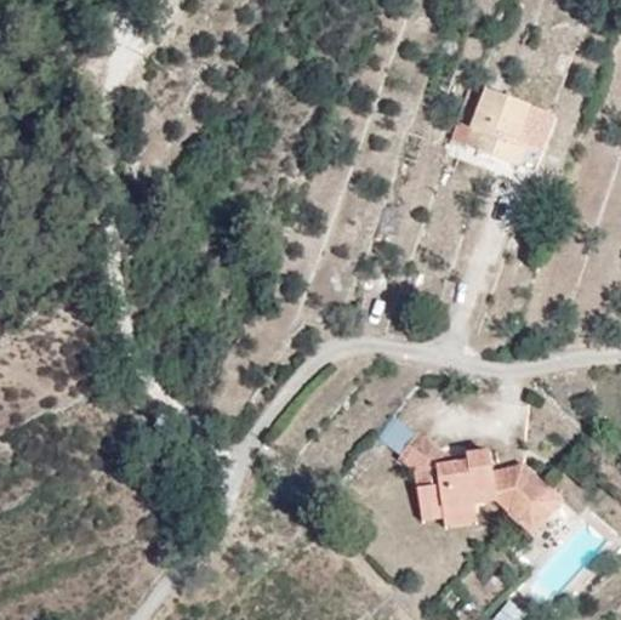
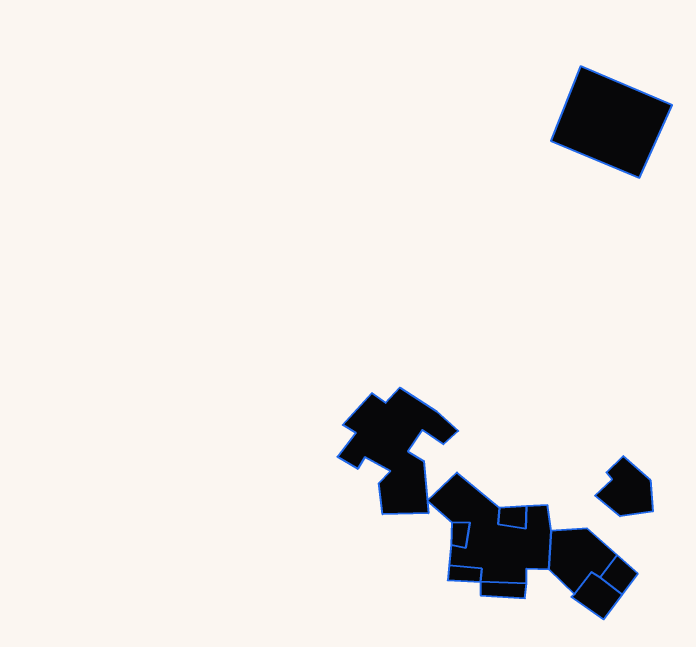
building: none -> [337,388,458,514]
building: none -> [595,456,653,516]

